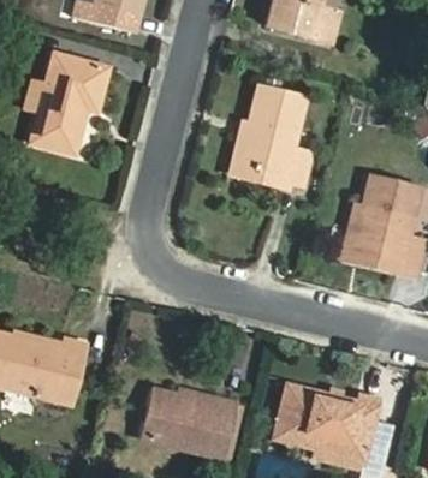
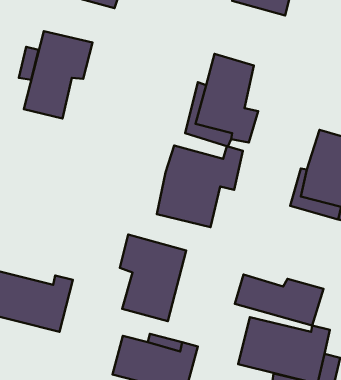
building: none -> [157,146,243,227]
building: none -> [120,235,186,321]
building: none -> [235,275,323,326]

